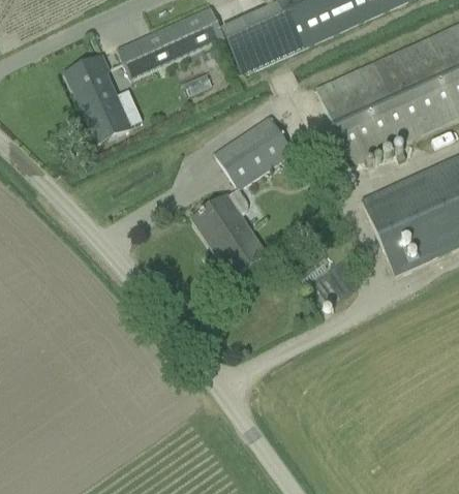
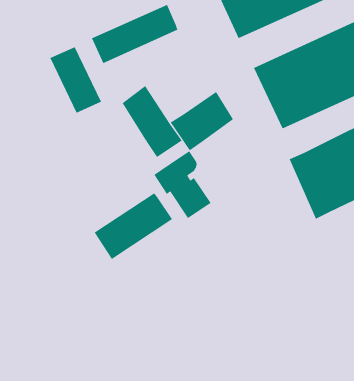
building: [223,6,300,75] -> none
building: none -> [122,85,182,158]
building: none -> [94,192,173,260]

